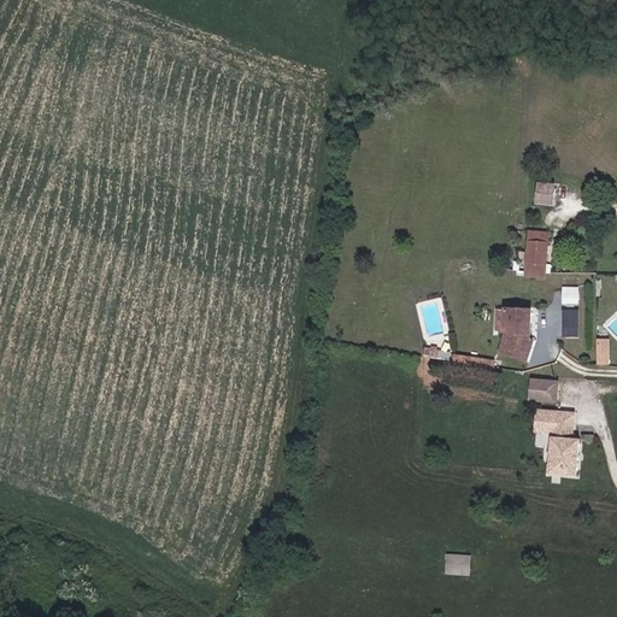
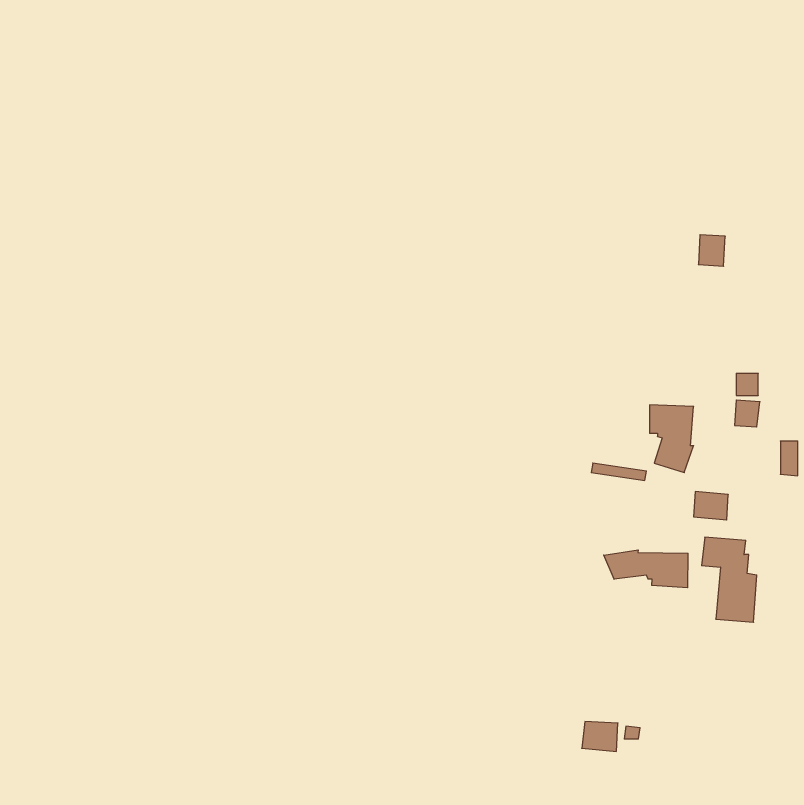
building: [524,231,547,277] -> none
building: none -> [604,550,688,588]

